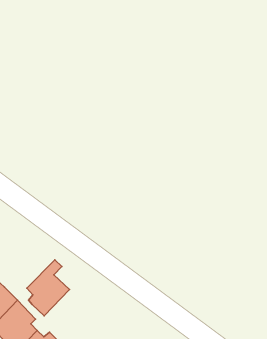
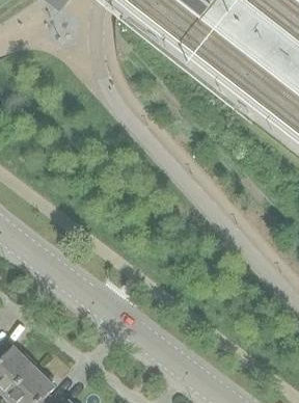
building: [27,260,70,316] -> none

